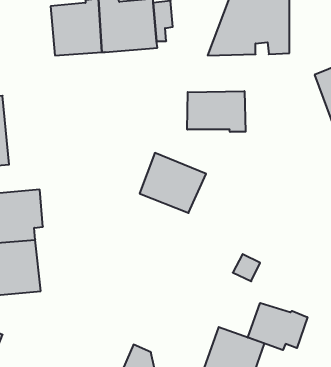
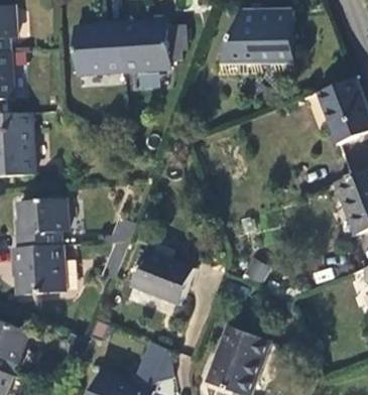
building: [187,91,246,132] -> none
building: [140,153,206,213] -> [133,249,195,304]
building: [248,303,307,350] -> none

